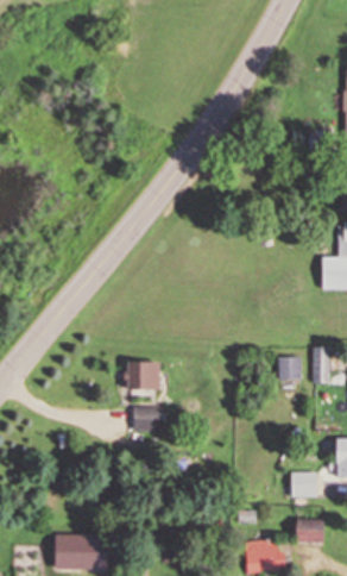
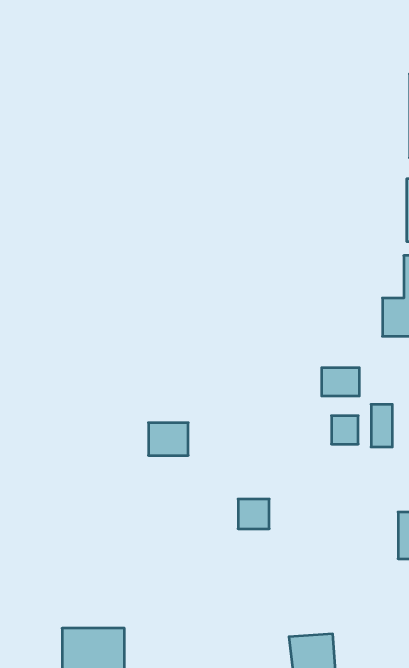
building: none -> [322,368,359,396]
building: [133,406,159,431] -> [238,499,269,529]
building: [291,472,316,496] -> none
building: [295,519,324,541] -> none

